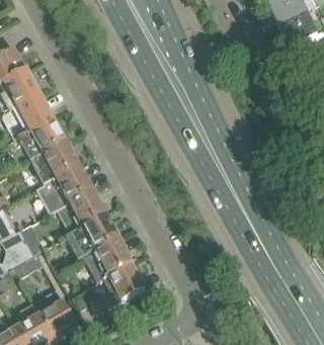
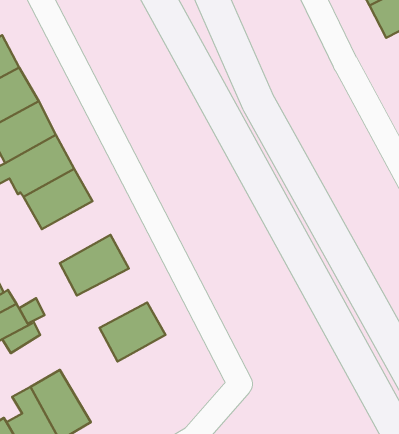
building: [35,164,92,211] -> none
building: [71,212,118,255] -> none
building: [90,260,145,310] -> none

